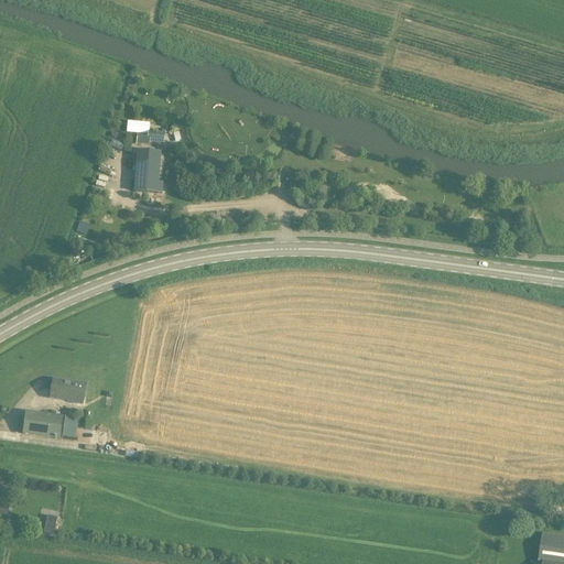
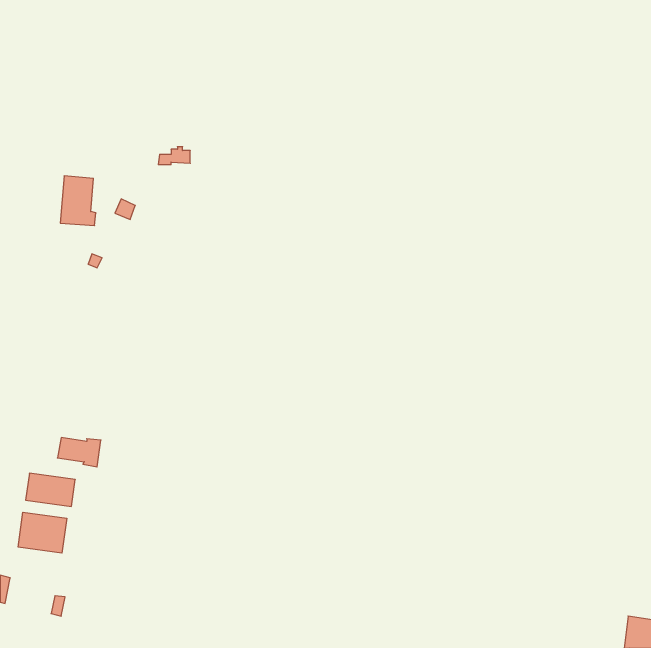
building: [133,149,164,192] -> [60,176,96,226]
building: none -> [18,512,67,553]

